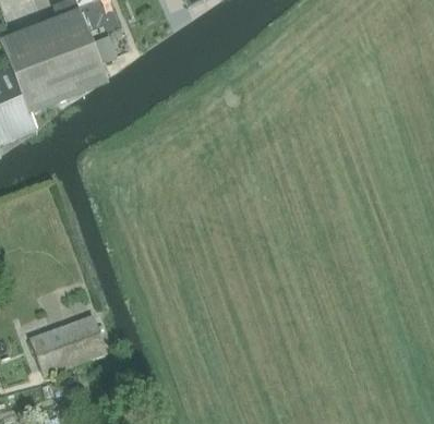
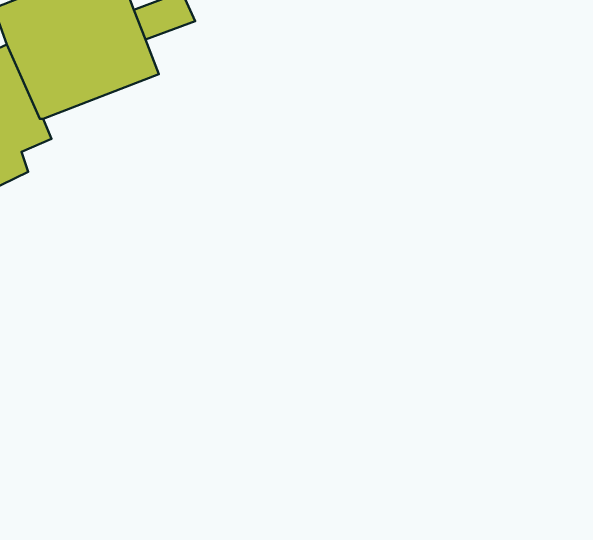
building: [28,313,105,375] -> none

